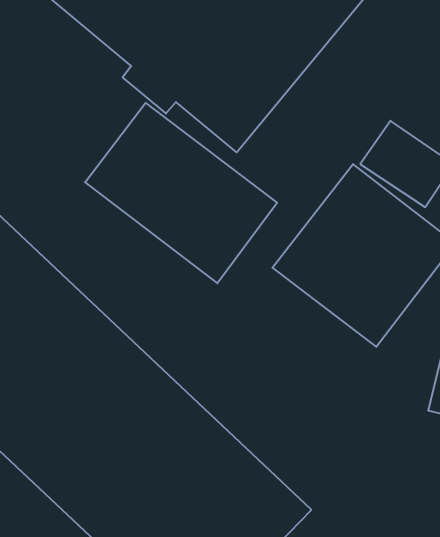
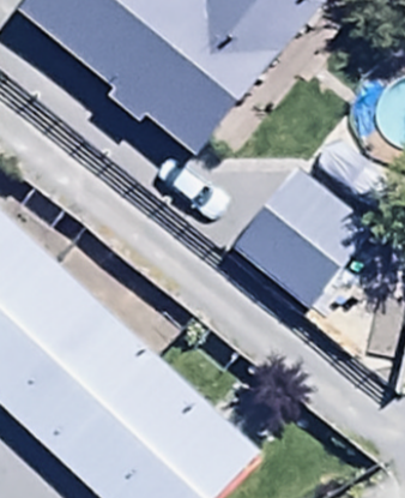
building: [85,103,277,283] -> none

